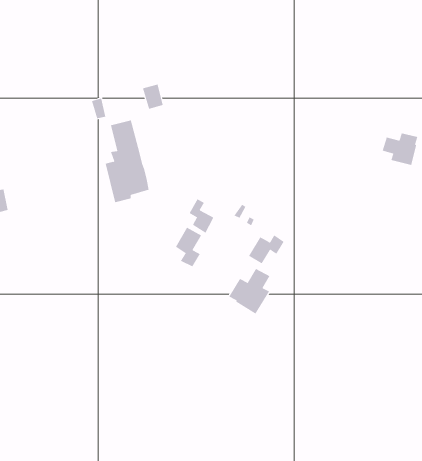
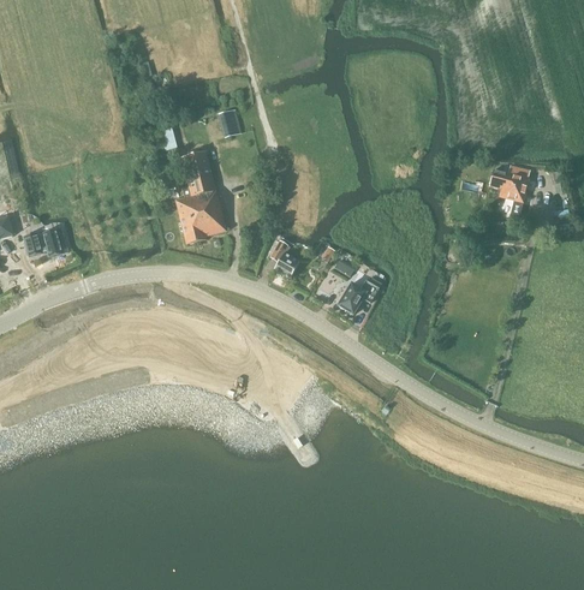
building: [175,227,202,267] -> none
building: [229,268,270,314] -> none

